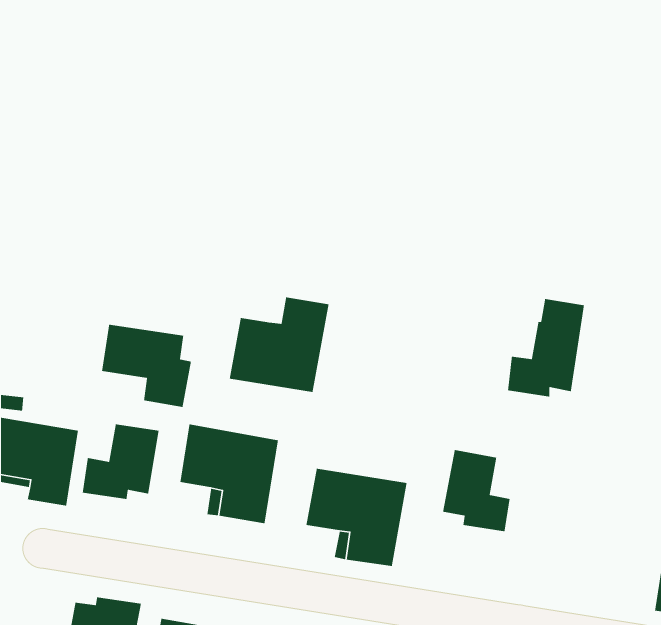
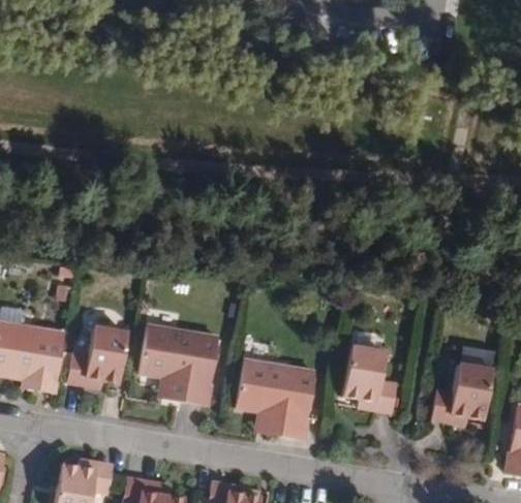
building: [229,296,330,393] -> none
building: [507,298,585,397] -> [434,347,494,423]
building: [101,324,192,408] -> none

